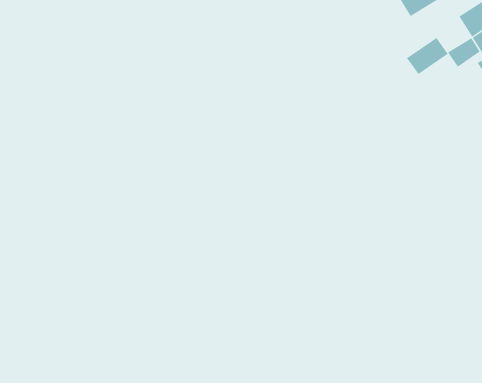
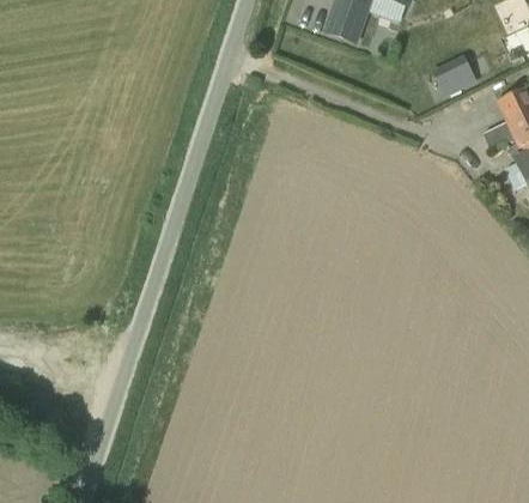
building: [406,37,449,75] -> none

